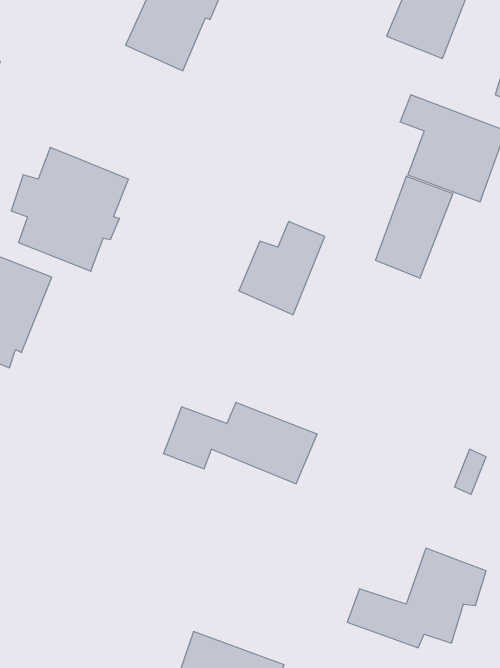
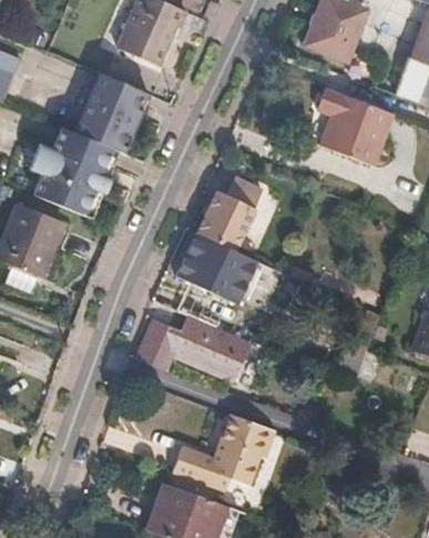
building: none -> [74,78,134,152]
building: [375,176,453,278] -> none
building: none -> [180,232,258,301]
building: [347,548,486,648] -> [174,415,276,488]

